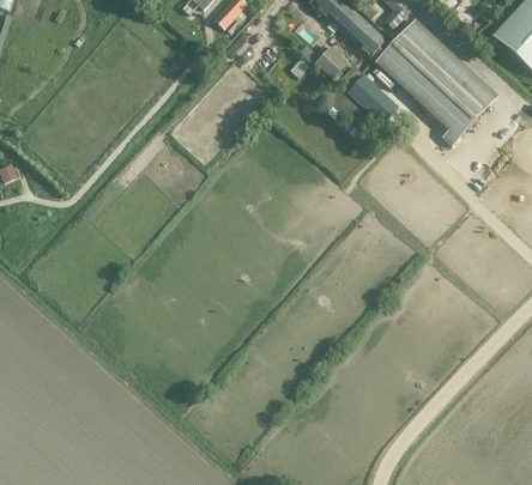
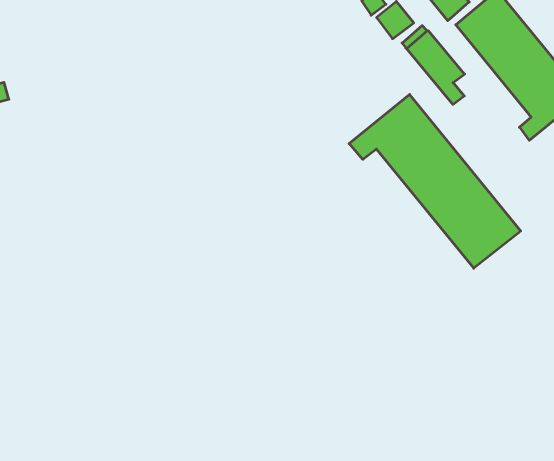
building: none -> [349,94,521,268]

